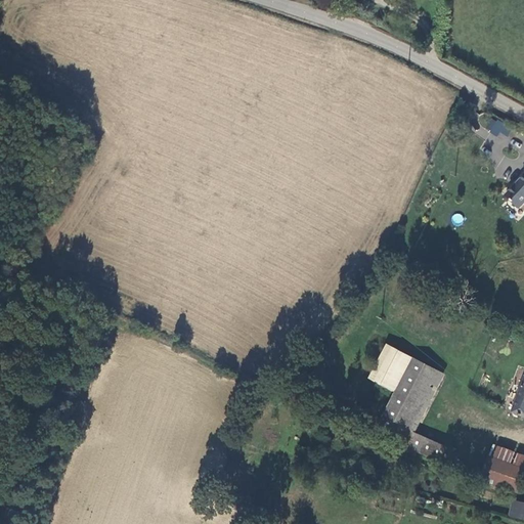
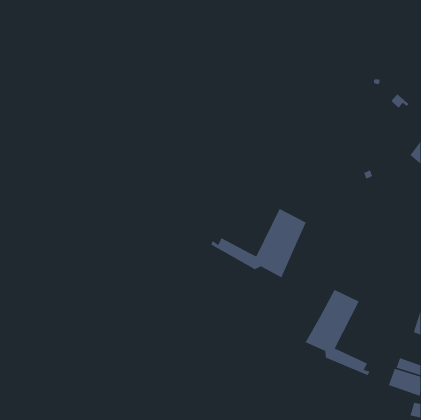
building: none -> [210,208,307,279]
building: [368,343,414,392] -> none

